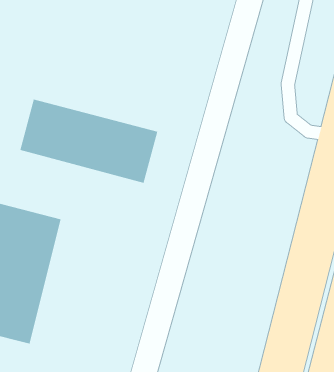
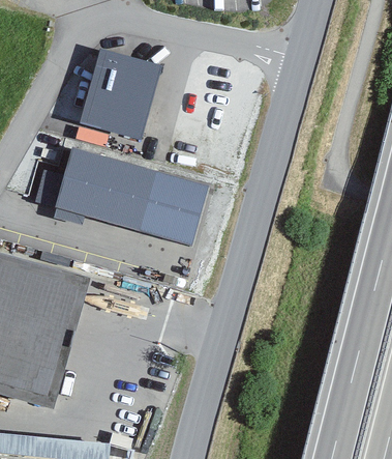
building: none -> [80,52,151,133]

